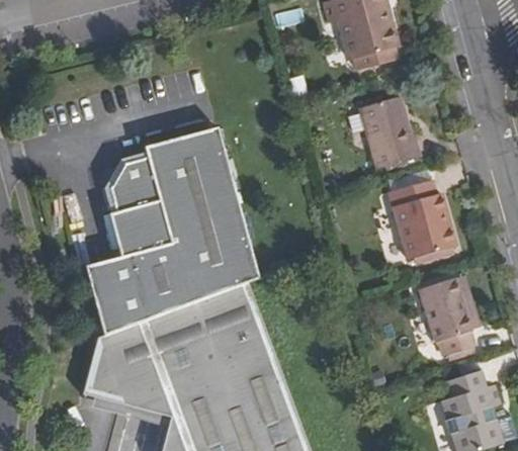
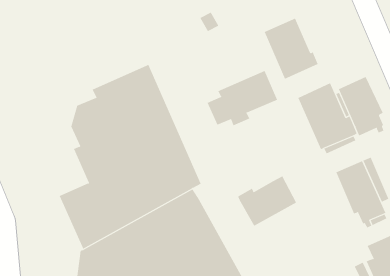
building: none -> [207,70,278,126]
building: none -> [338,76,384,136]
building: none -> [237,176,297,226]

